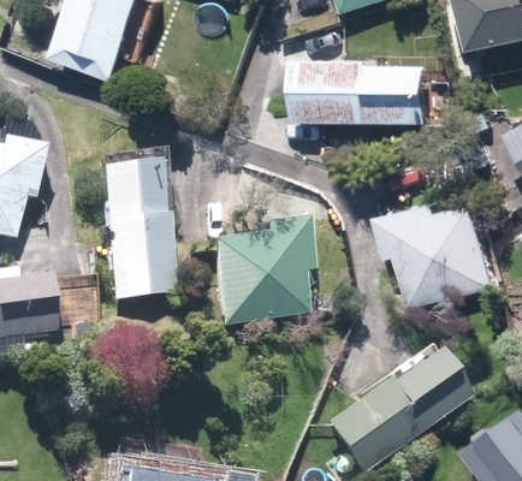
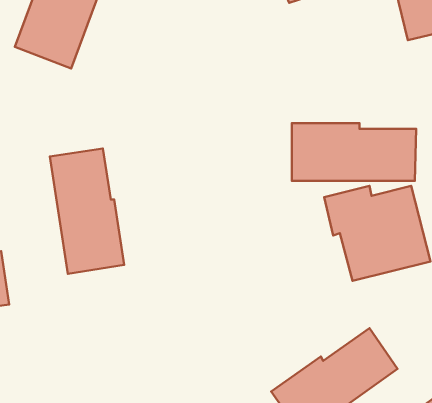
building: [297,60,429,121] -> [292,123,416,181]
building: [207,222,303,326] -> none

